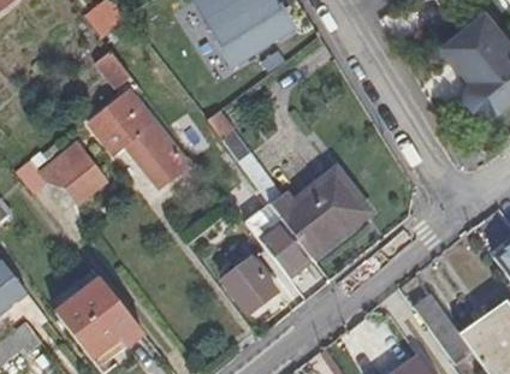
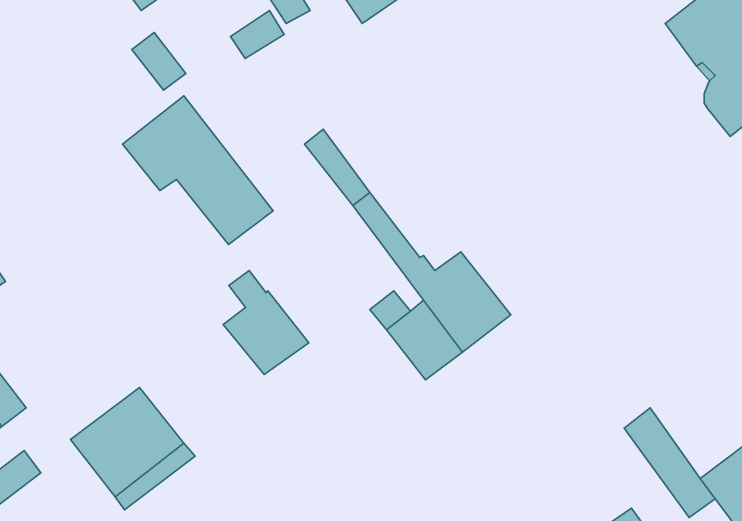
building: [40,144,106,203] -> none
building: [309,171,368,233] -> none
building: [223,247,278,314] -> [223,271,309,375]

